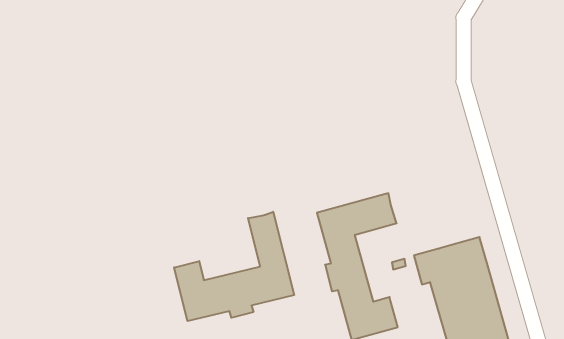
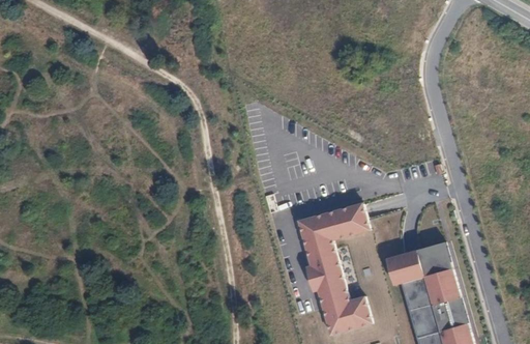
building: [174,212,294,321] -> none

